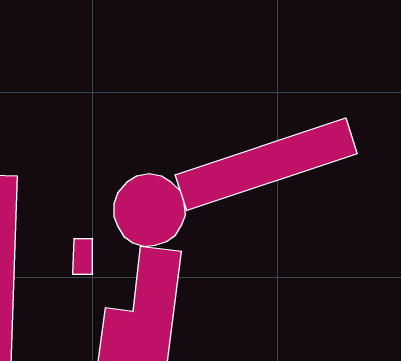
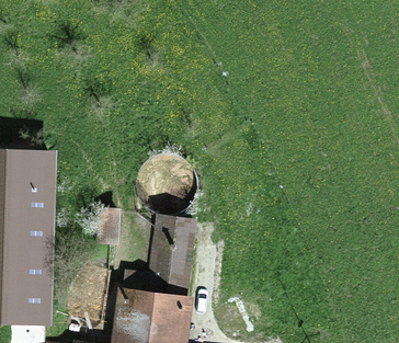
building: [175,118,357,211] -> none

